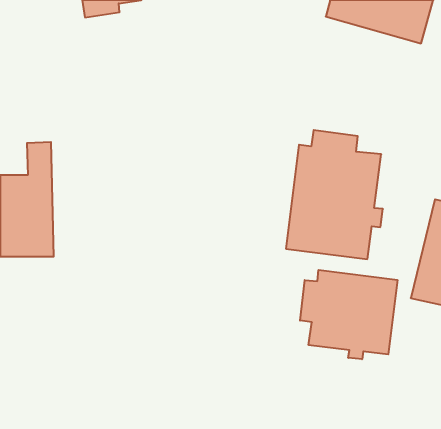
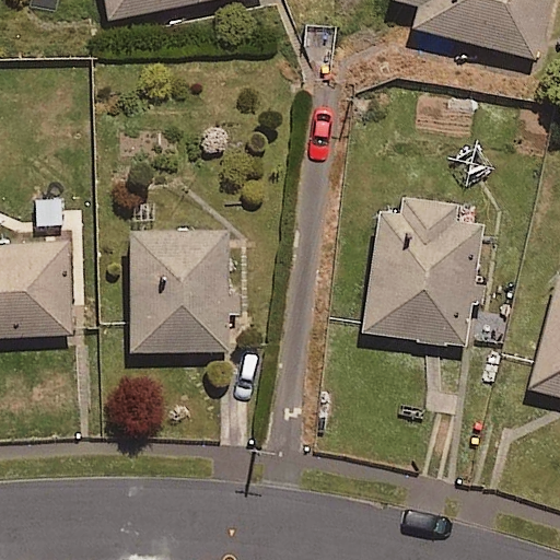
building: none -> [130,218,233,353]
building: [300,270,397,359] -> none

